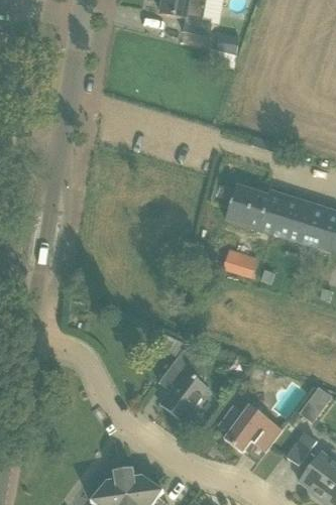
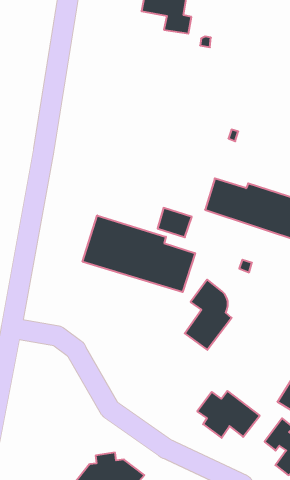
building: none -> [83,215,195,292]
building: [221,248,256,278] -> [158,208,192,237]
building: [159,349,208,421] -> [185,280,232,350]

